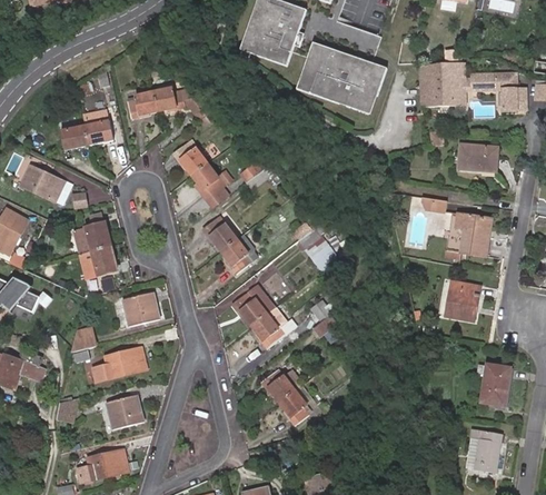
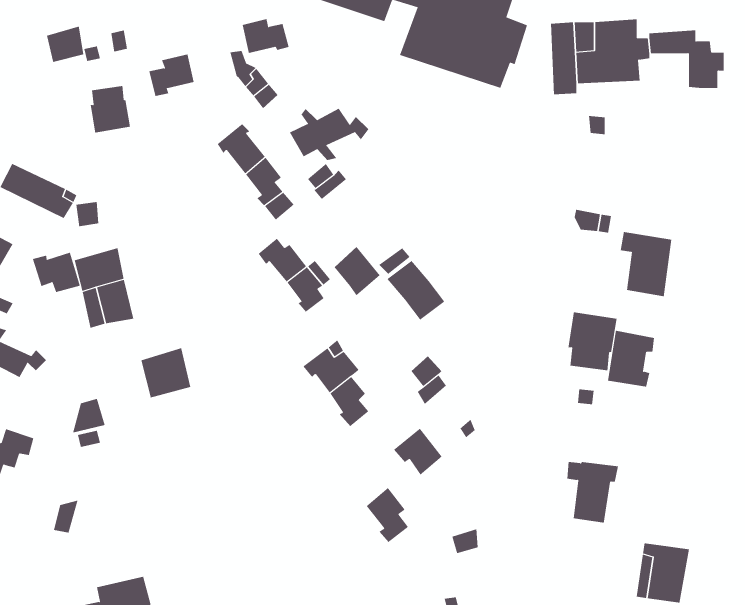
building: [151,82,185,107] -> [242,19,289,54]
building: [59,122,86,148] -> [46,26,84,63]
building: none -> [289,108,369,161]
building: [457,143,494,169] -> none
building: none -> [334,246,380,296]
building: none -> [32,252,80,293]
building: none -> [568,311,617,371]
building: [86,350,140,384] -> none
building: [477,364,514,407] -> [566,461,619,523]
building: [257,370,291,404] -> [393,428,443,475]
building: [102,397,139,430] -> none

